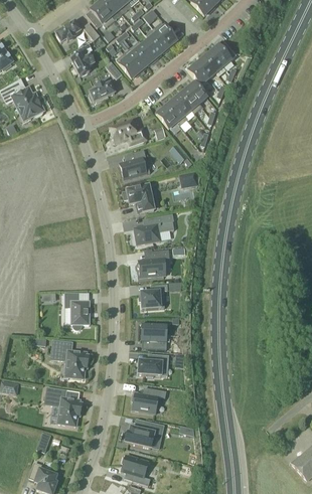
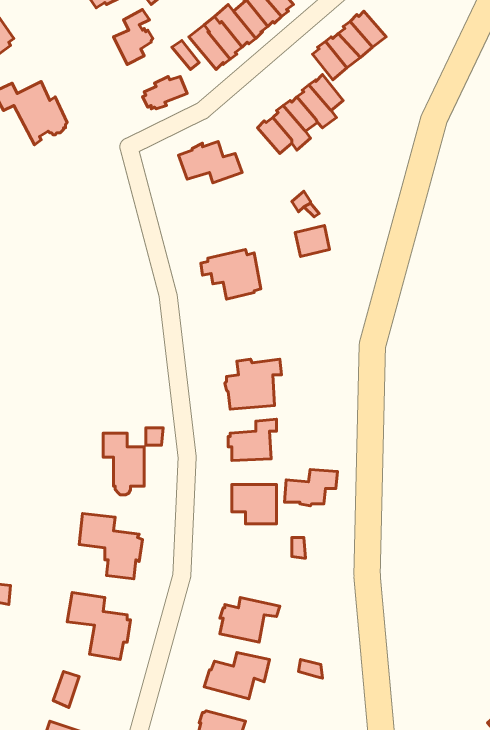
building: [119,149,150,179] -> none
building: [133,213,173,243] -> none
building: [138,354,169,375] -> [284,470,338,506]

